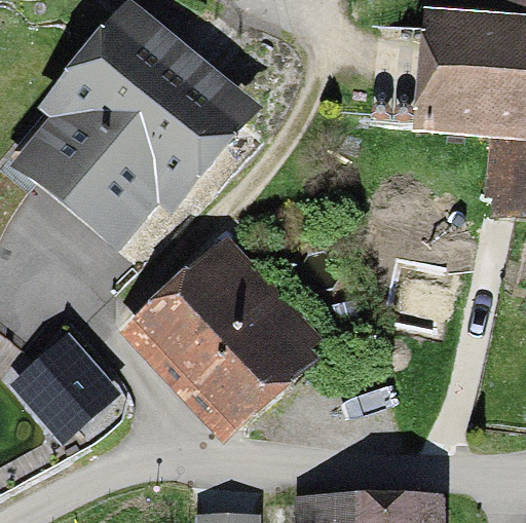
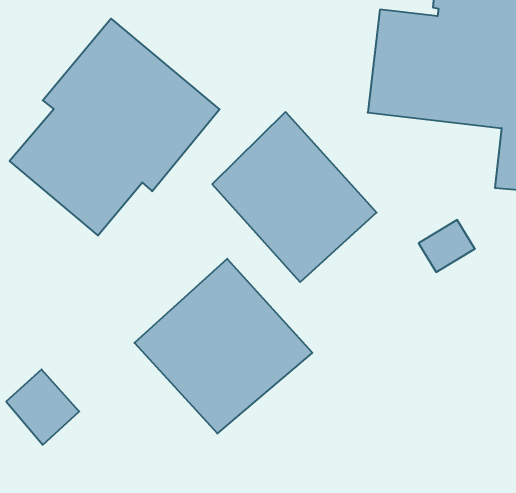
building: none -> [212,112,377,282]

